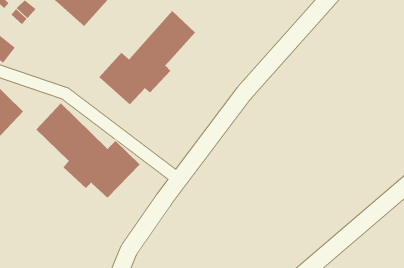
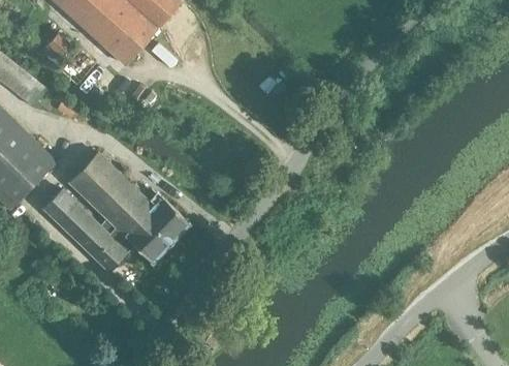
building: [98,10,196,105] -> none
building: none -> [43,189,127,271]

